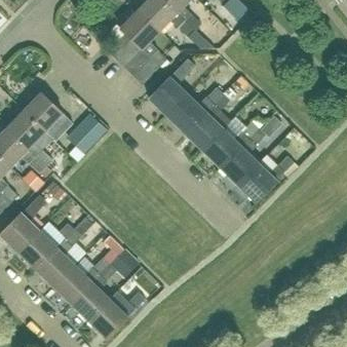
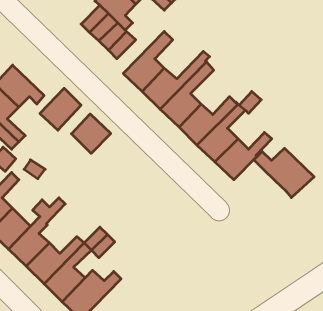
building: none -> [71,114,111,153]
building: none -> [254,148,314,198]

